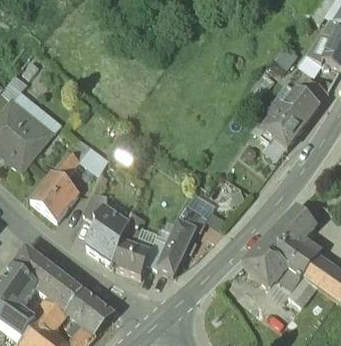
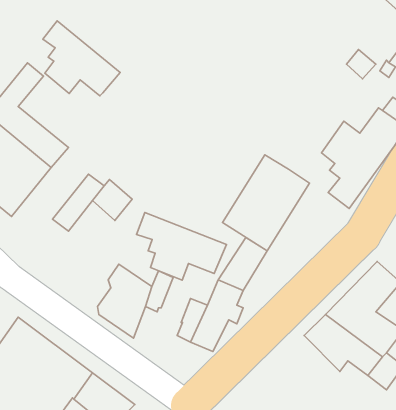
building: none -> [43,21,120,96]
building: none -> [223,155,309,251]
building: none -> [136,212,226,280]
building: [31,171,78,219] -> none
building: [113,239,150,275] -> none

